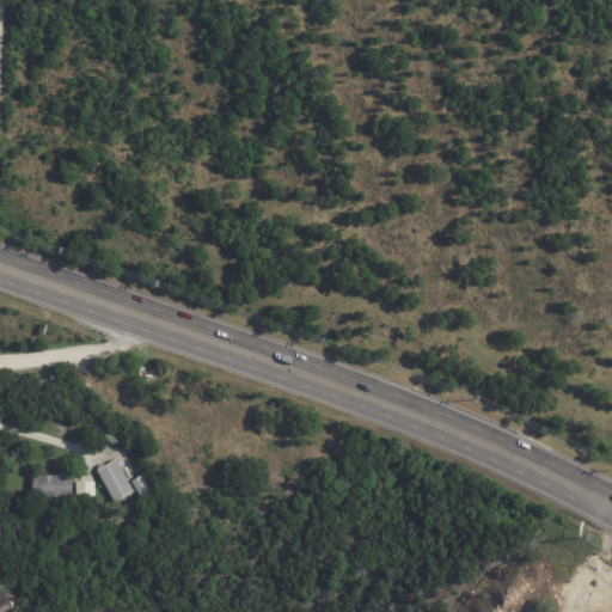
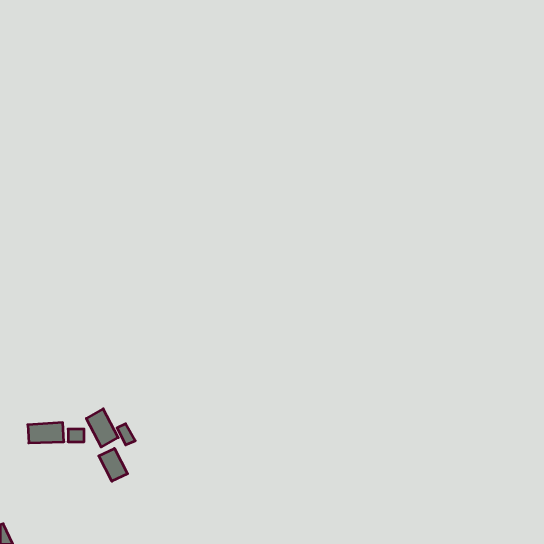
building: none -> [99,448,128,481]

